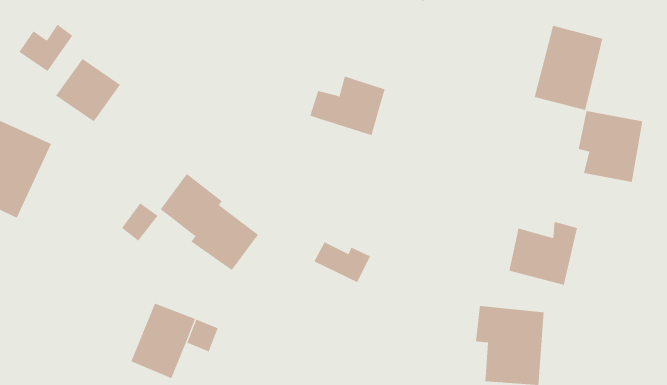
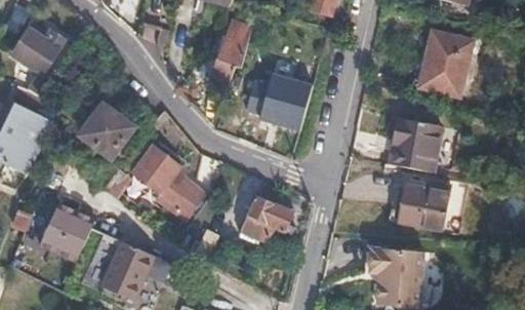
building: none -> [215,24,254,86]
building: [55,58,121,122] -> [78,107,128,156]
building: none -> [249,81,315,129]
building: [578,111,643,183] -> [388,116,438,171]
building: none -> [39,205,92,262]

